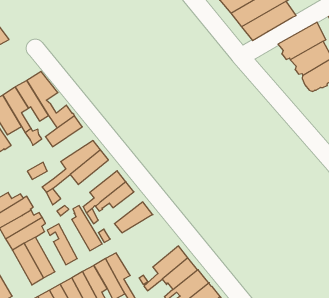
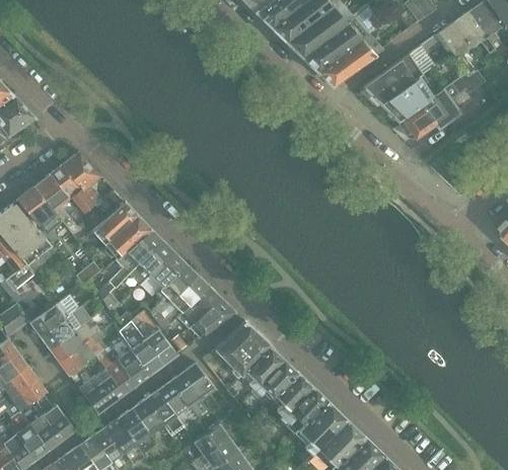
building: none -> [102,214,151,257]
building: none -> [139,250,185,298]
building: none -> [179,286,220,331]
building: none -> [118,322,162,375]
building: none -> [201,321,270,375]
building: none -> [94,344,135,394]

